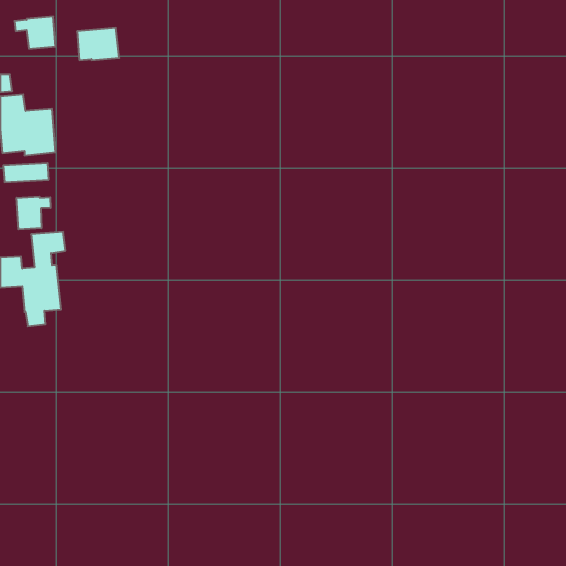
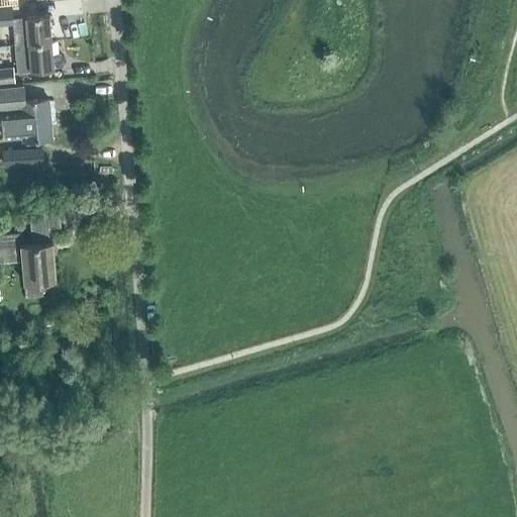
building: [77,28,119,60] -> [16,43,55,73]
building: [17,197,51,229] -> none

